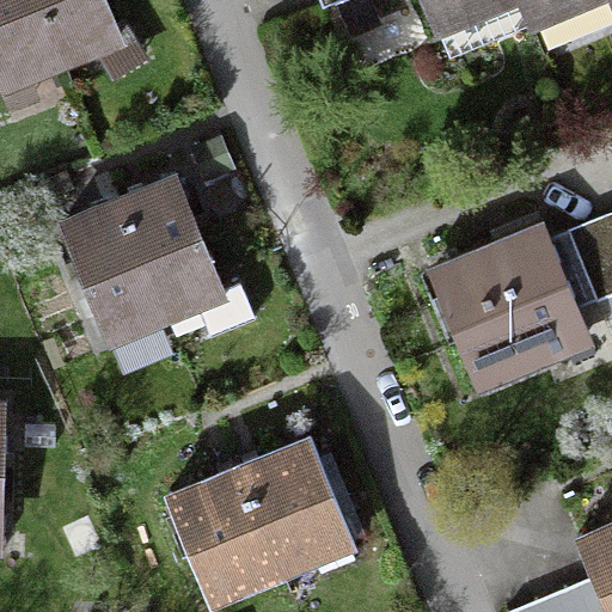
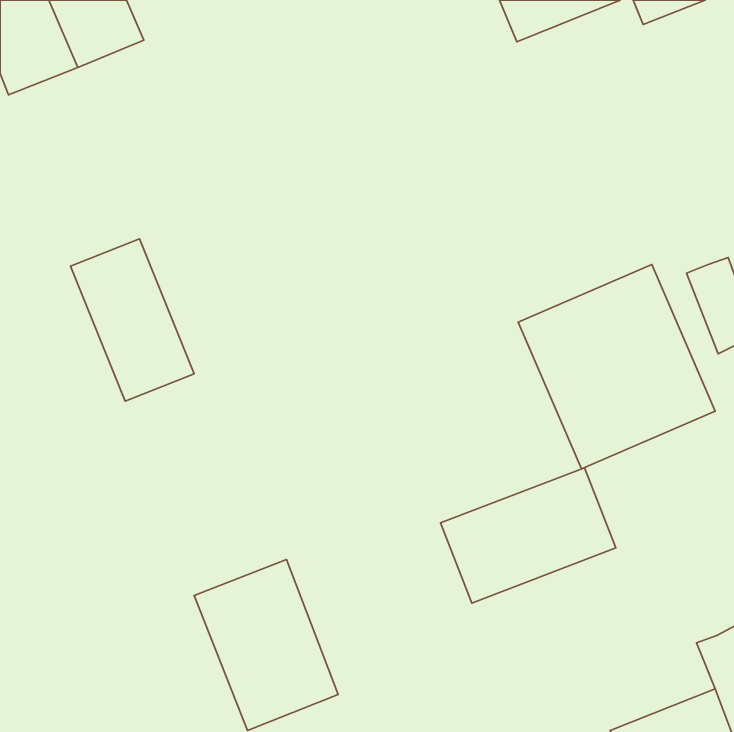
building: [117,177,222,313] -> none
building: none -> [441,468,616,603]
building: [239,440,354,580] -> none

